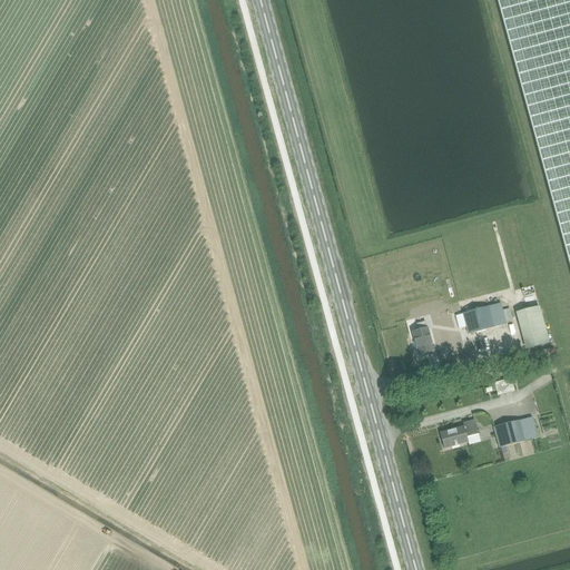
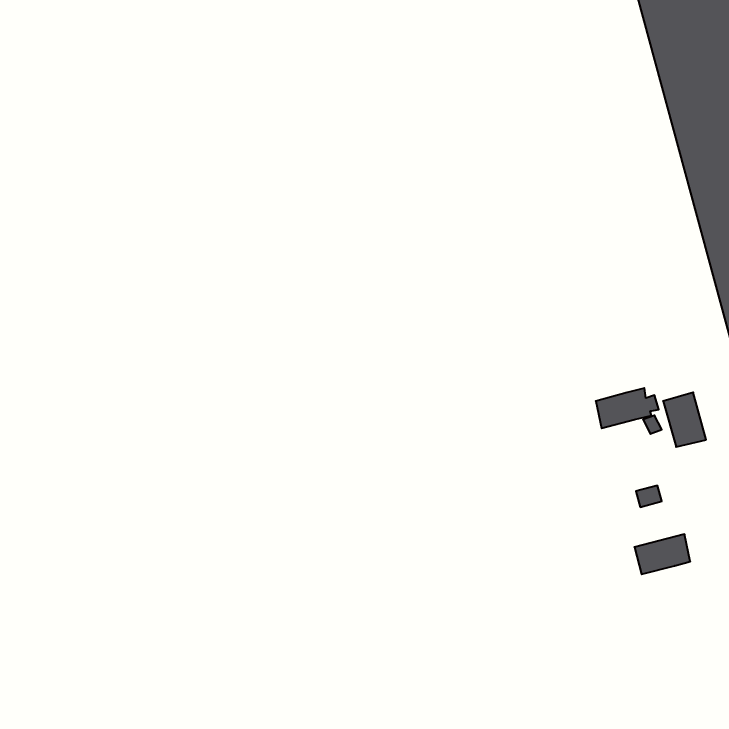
building: [414,321,436,354] -> none
building: [442,423,480,448] -> none

